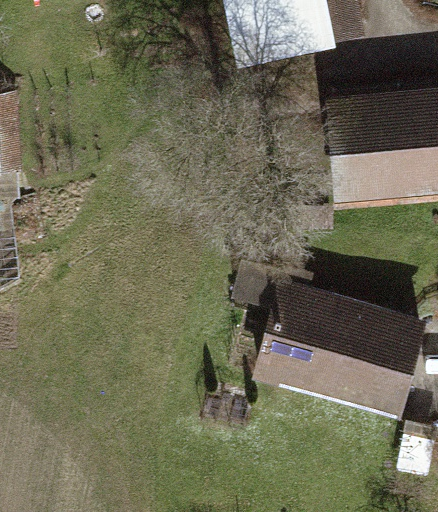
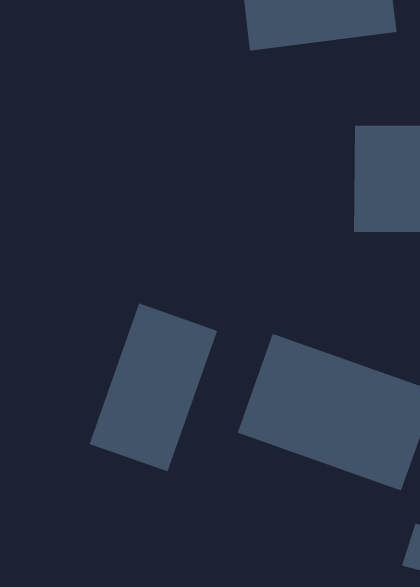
building: none -> [89,303,218,472]

